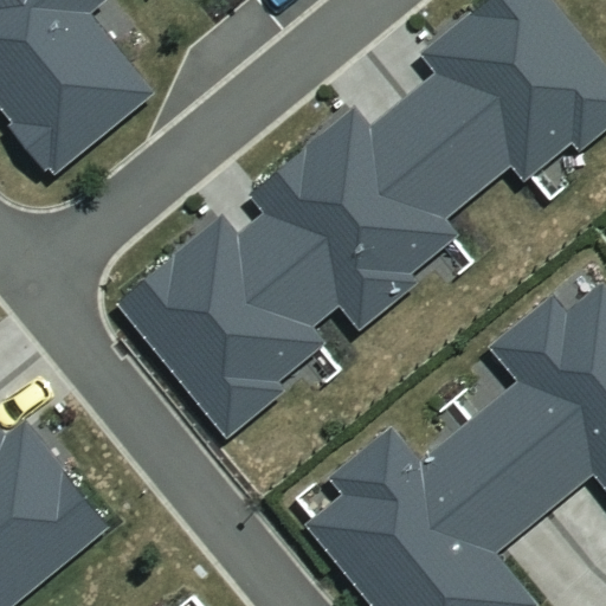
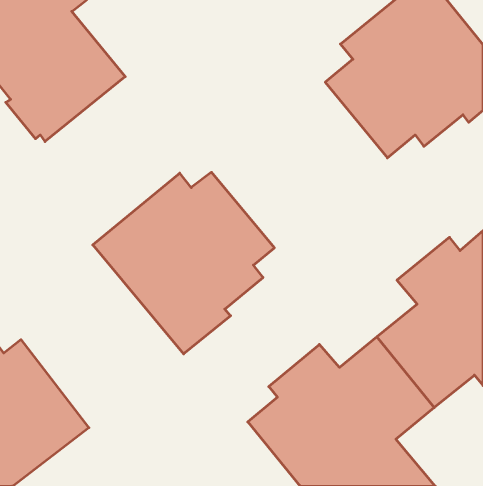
building: [247,102,479,330] -> none

